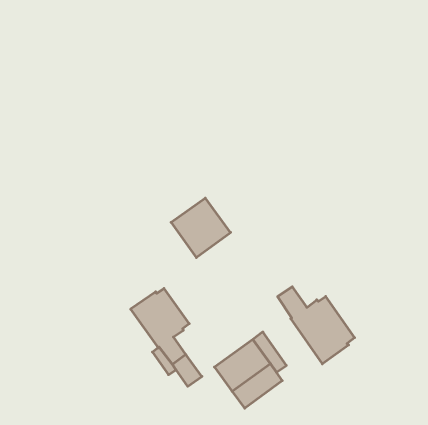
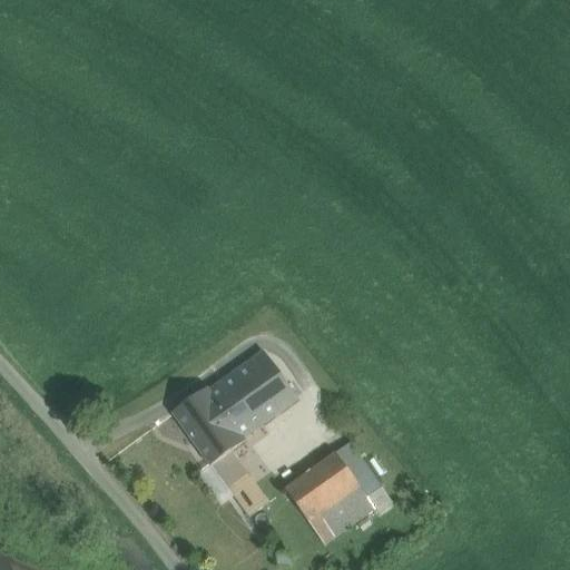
building: [171,198,231,258] -> [218,351,297,430]
building: [278,287,355,364] -> none

